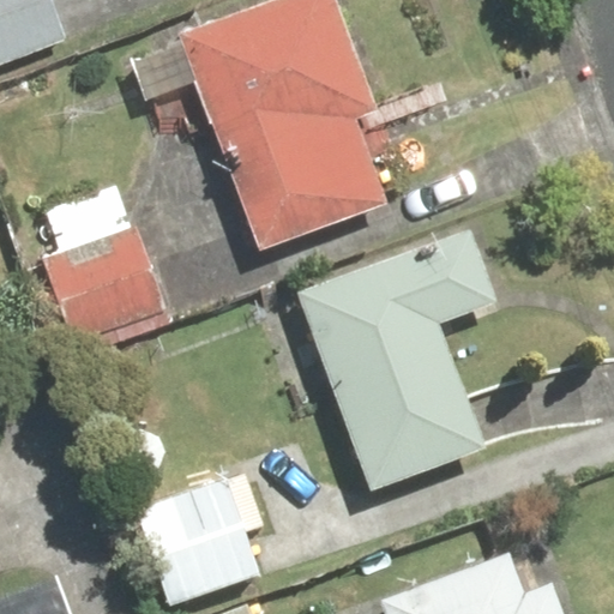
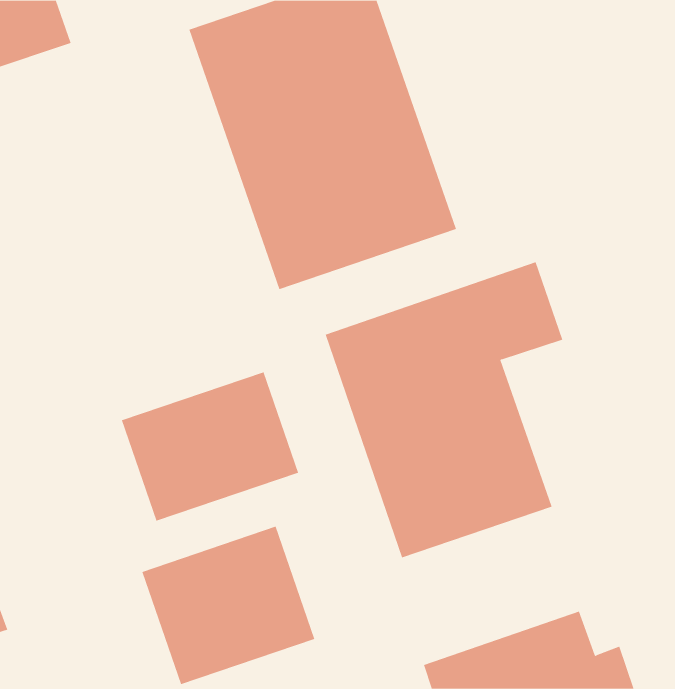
building: [23,183,163,342] -> none
building: none -> [121,371,299,522]

